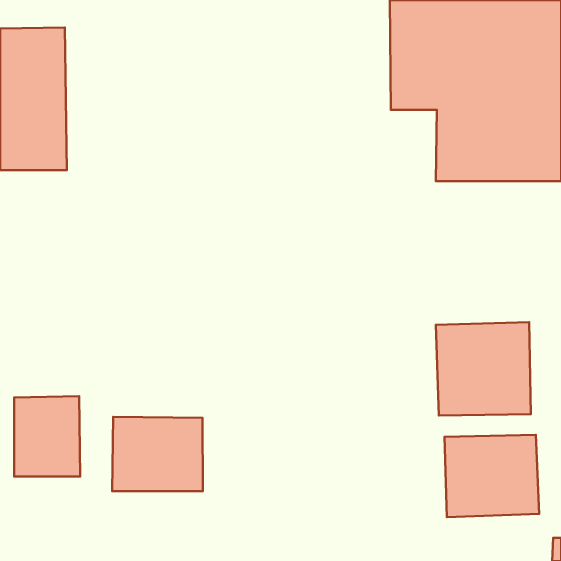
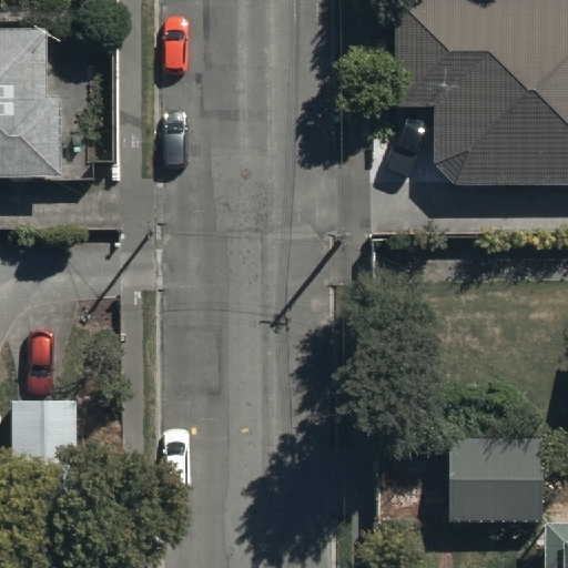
building: [436,322,531,416] -> none
building: [112,417,203,491] -> none

